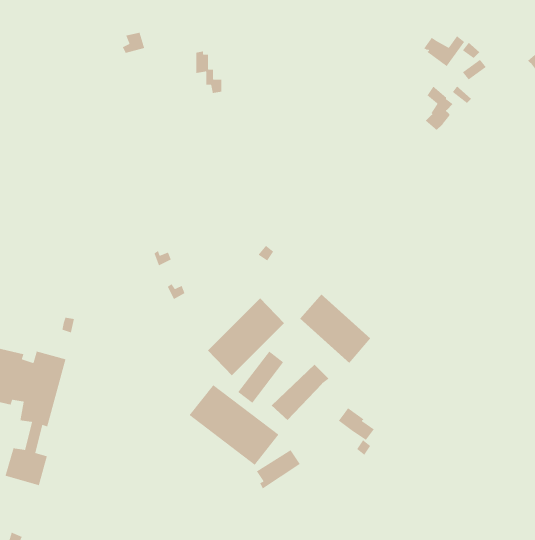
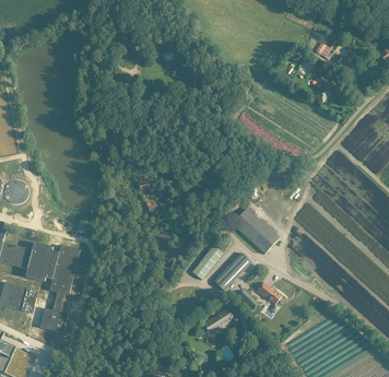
building: [207,297,285,376] -> none
building: [189,384,280,466] -> none

